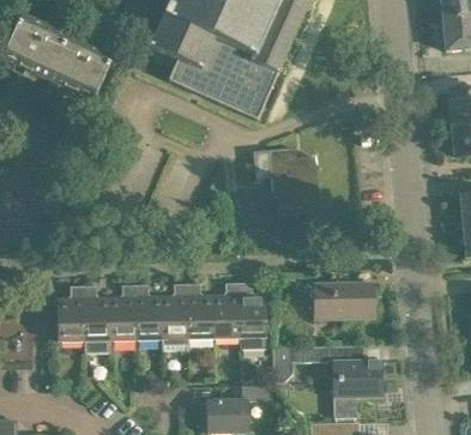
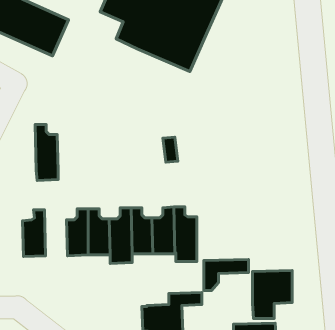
building: [252,147,319,215] -> none
building: [312,282,373,318] -> none
building: [81,285,109,352] -> [35,125,58,180]

